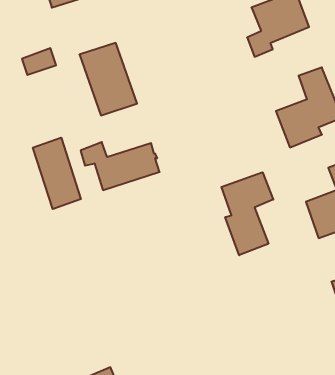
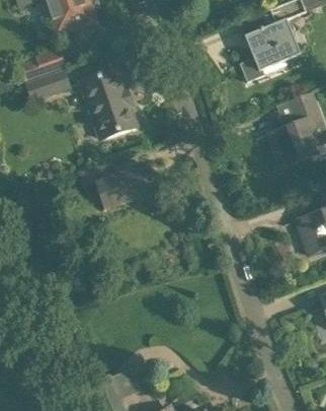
building: none -> [19,49,67,81]
building: [33,138,81,209] -> none
building: [221,172,273,255] -> none

